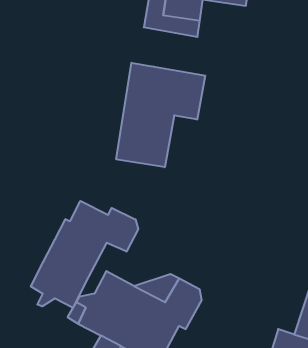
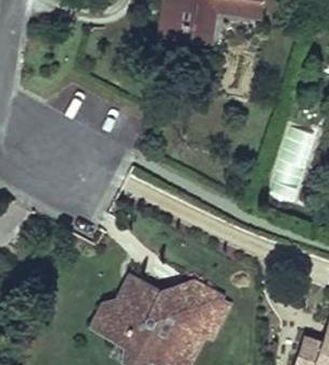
building: [116,63,205,167] -> none
building: [31,201,138,308] -> none

